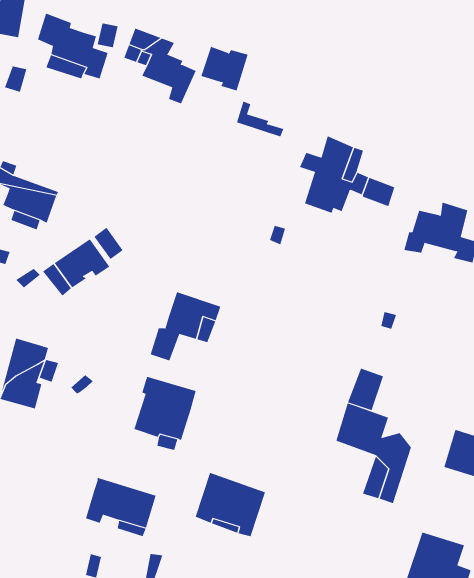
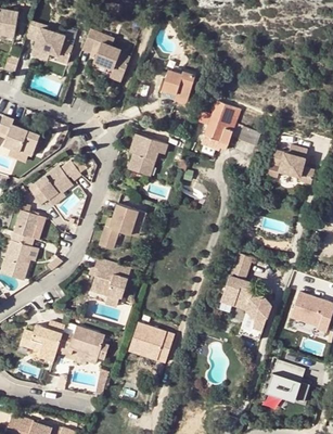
building: [201,46,249,91] -> [164,67,195,97]
building: none -> [129,132,167,175]
building: none -> [12,210,38,239]
building: none -> [21,322,65,361]

